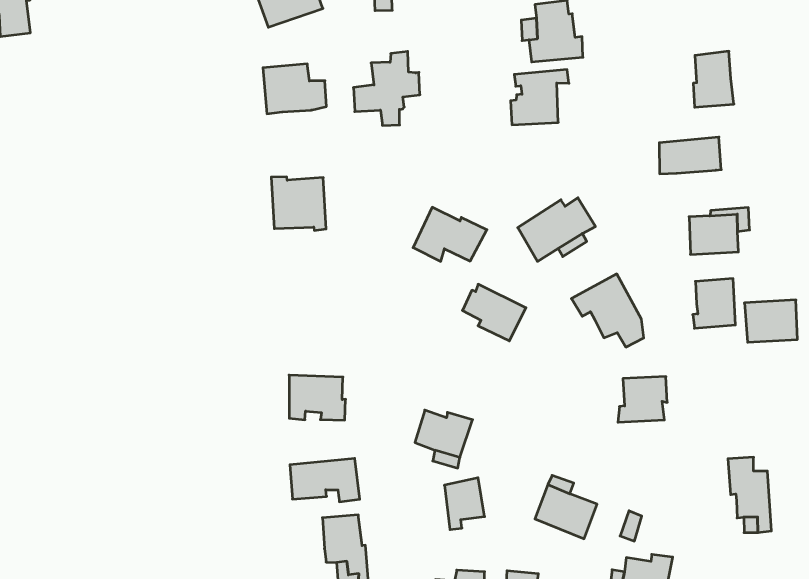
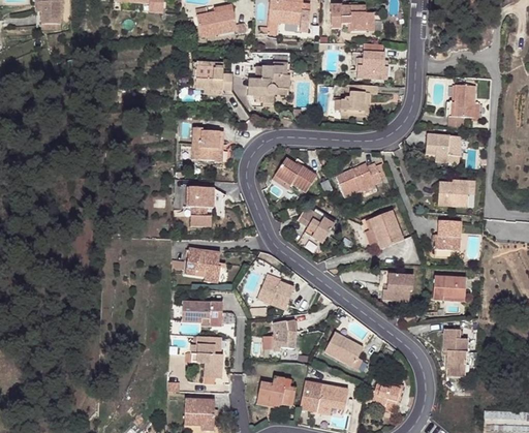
building: none -> [187,187,214,226]
building: [744,300,797,342] -> [433,276,465,302]

